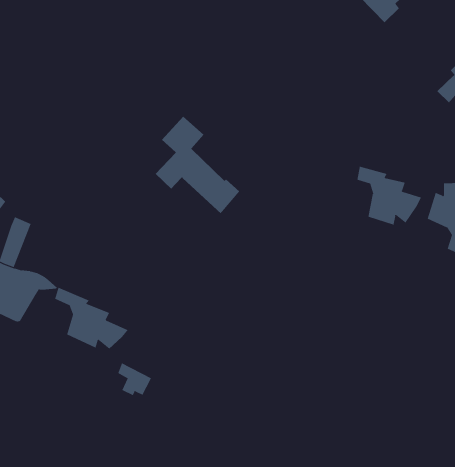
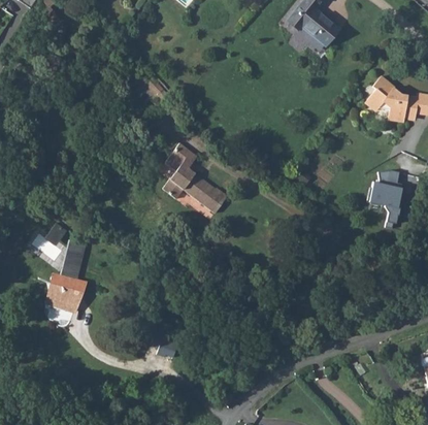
building: [357,166,422,225] -> none
building: [54,287,128,349] -> none

